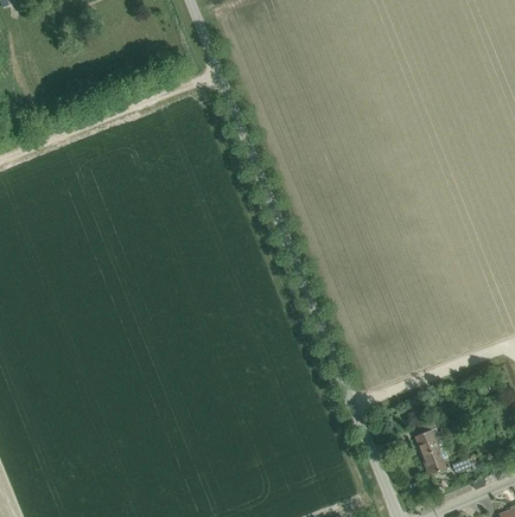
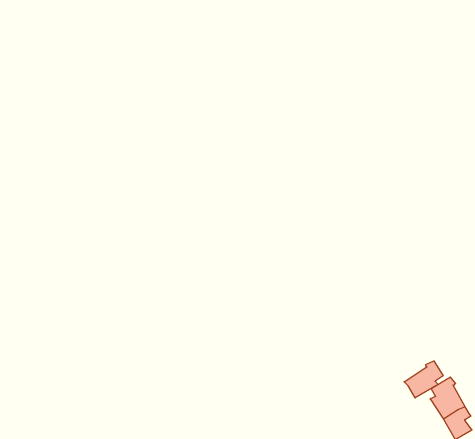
building: none -> [404,361,443,398]

